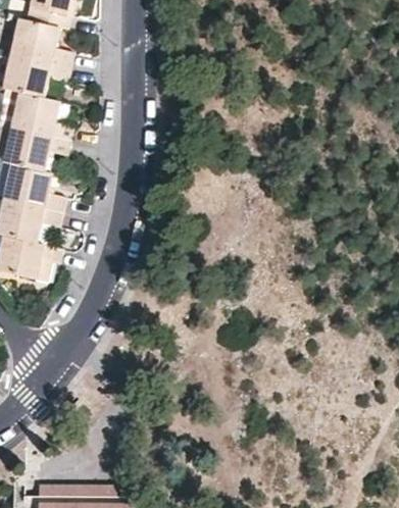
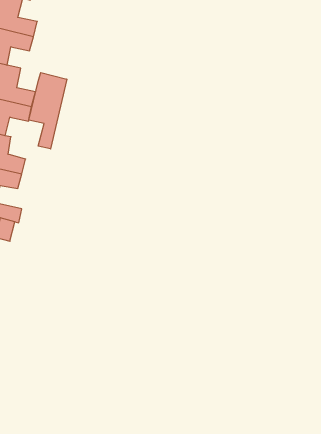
building: none -> [29,73,67,149]

